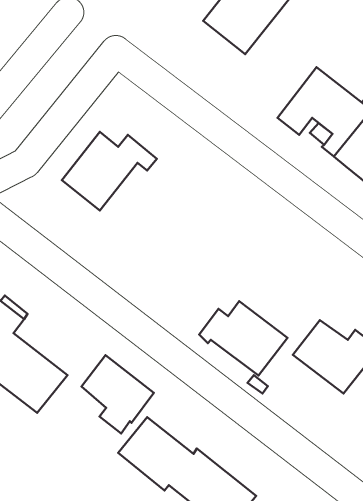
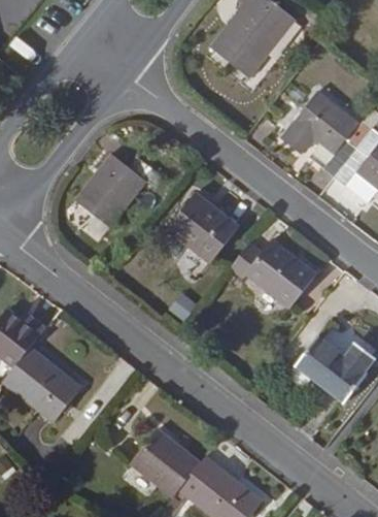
building: none -> [167,191,240,263]
building: [199,301,288,375] -> [234,238,318,310]
building: [81,355,154,434] -> none

